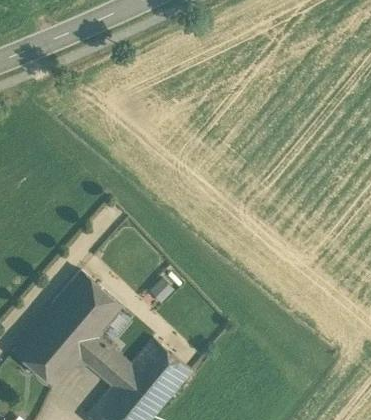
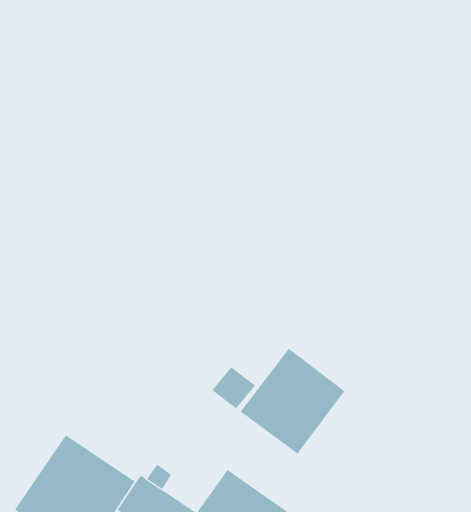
building: none -> [240,348,345,454]
building: [53,274,124,343] -> none

